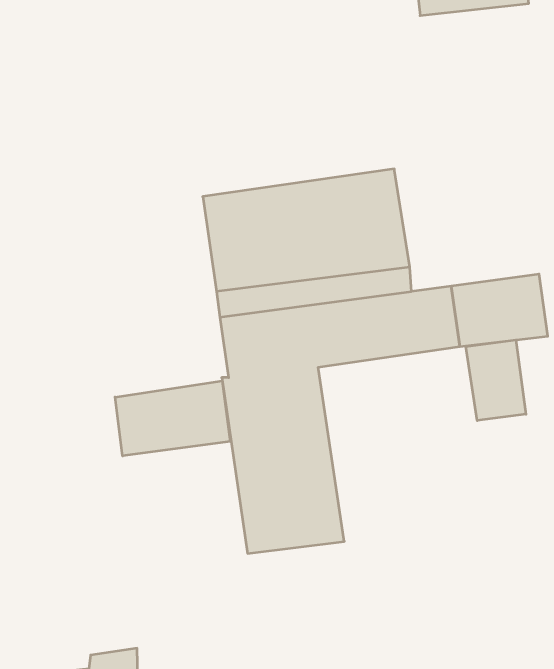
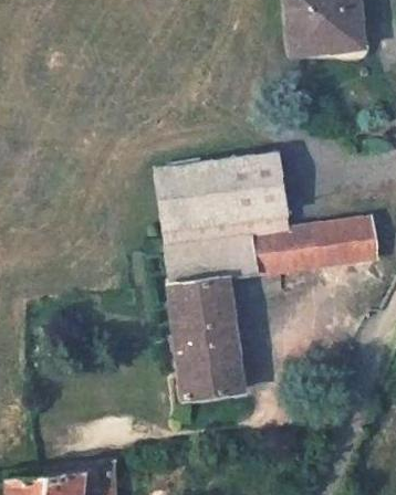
building: [466,340,526,421] -> none
building: [115,381,230,456] -> none

